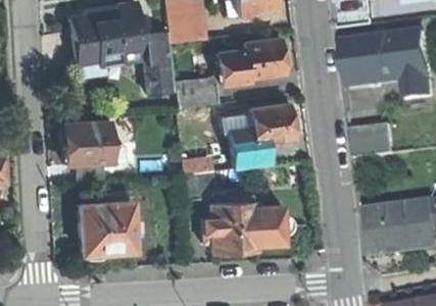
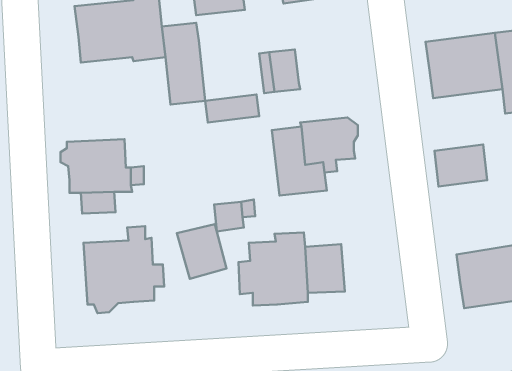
building: [166,17,207,42] -> none
building: [244,39,288,75] -> none
building: none -> [177,224,226,279]

